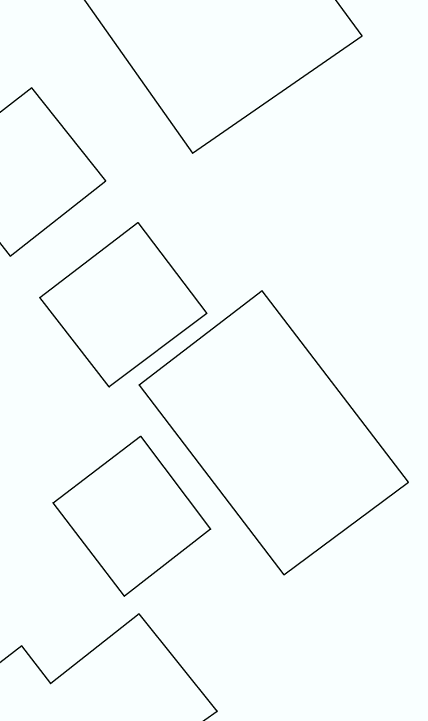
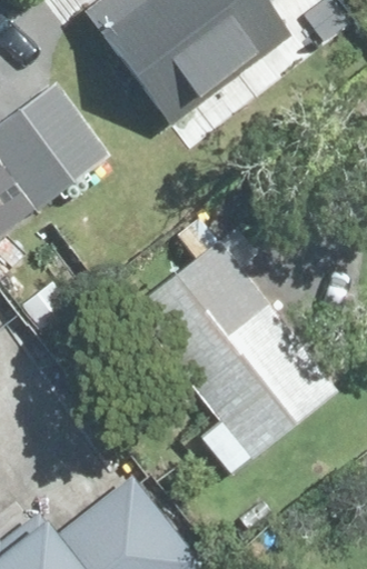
building: [40,223,207,387] -> none
building: [53,436,211,596] -> none

